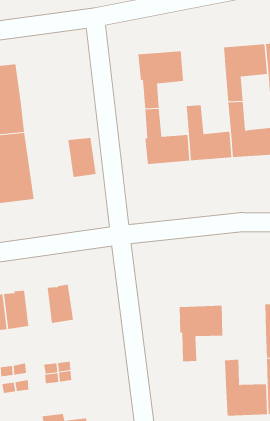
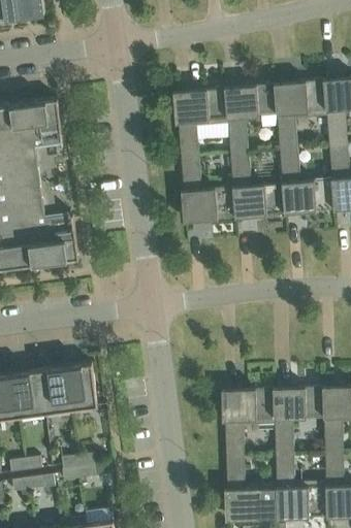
building: none -> [225,85,277,154]
building: none -> [30,100,64,150]
building: [68,137,96,178] -> [45,217,79,264]
building: none -> [40,368,71,414]
building: none -> [274,388,324,454]
building: none -> [225,455,279,521]

